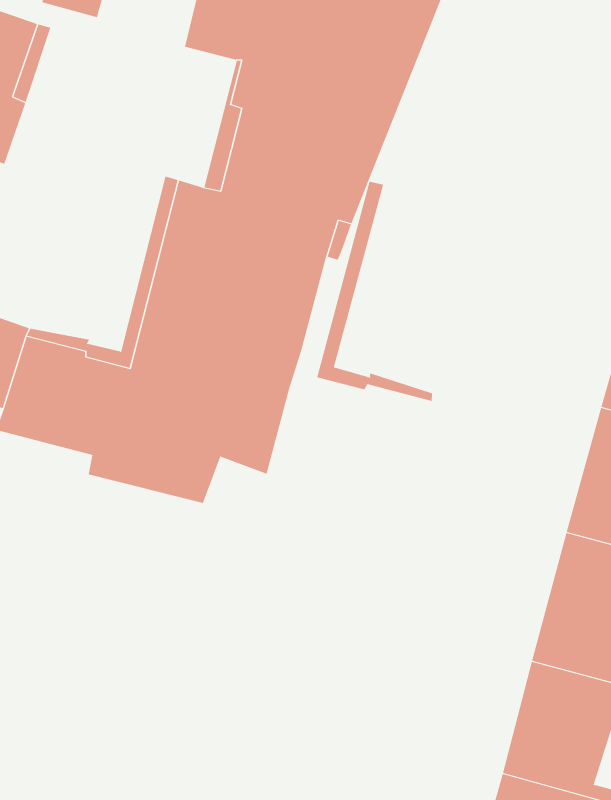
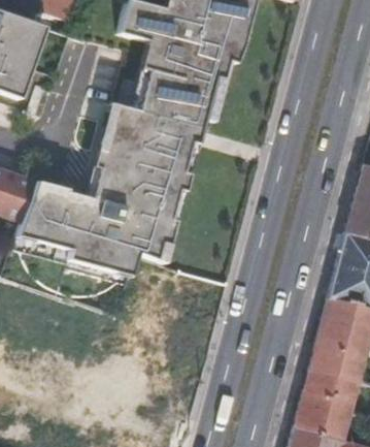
building: [316,181,432,402] -> none

